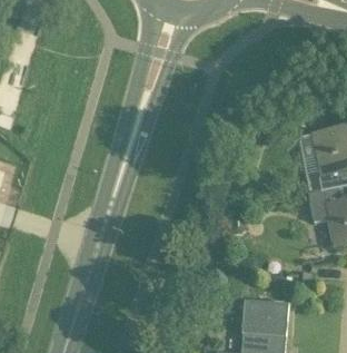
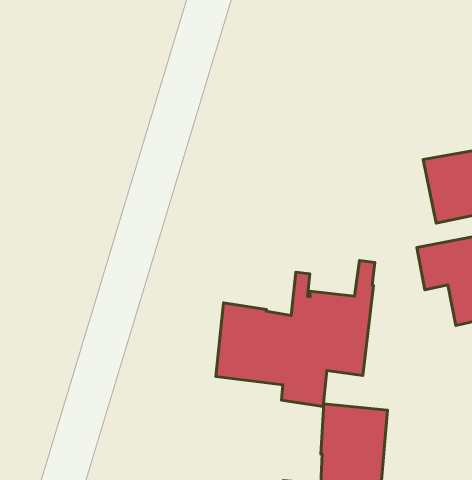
building: none -> [216,261,375,406]

